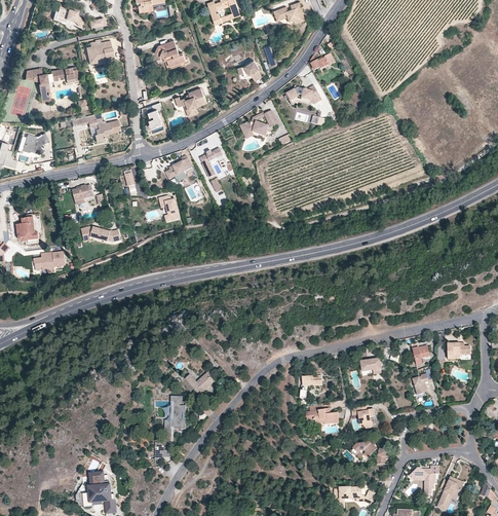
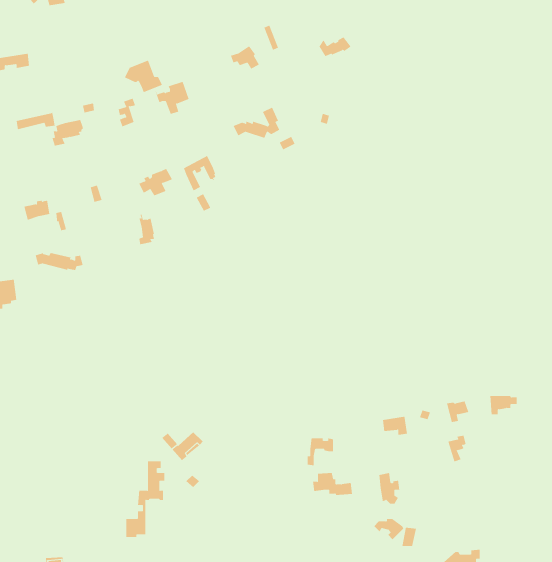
building: [153,39,184,66] -> [124,60,162,93]
building: [86,40,114,61] -> none
building: [285,85,320,104] -> none

